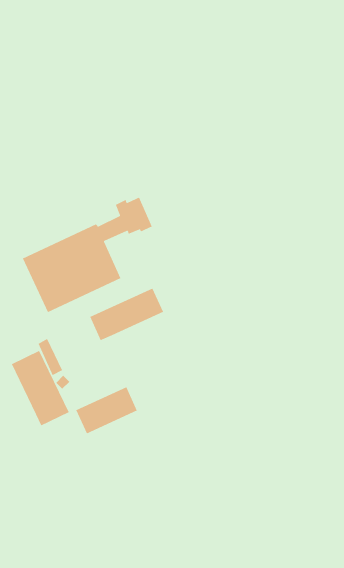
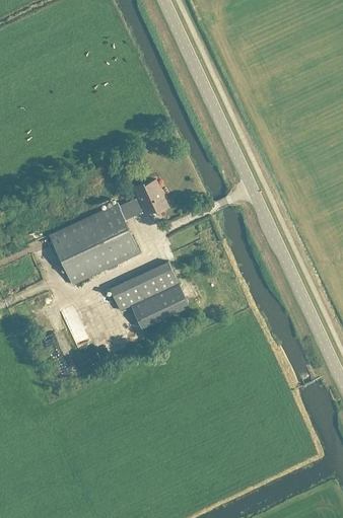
building: [11,350,70,427] -> none
building: [75,386,138,434] -> [131,285,188,328]

